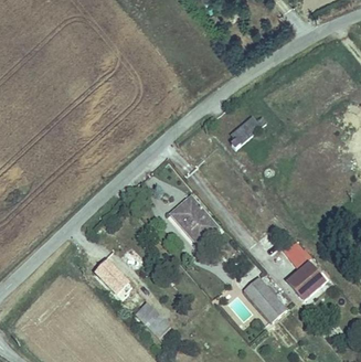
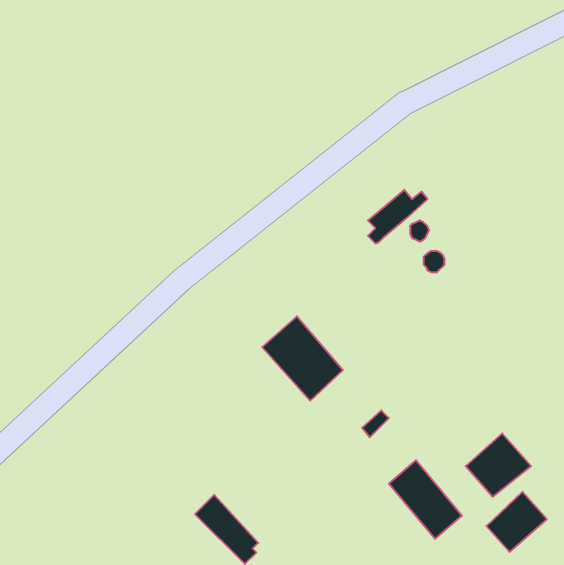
building: [94,257,127,296] -> none
building: none -> [486,492,547,552]

